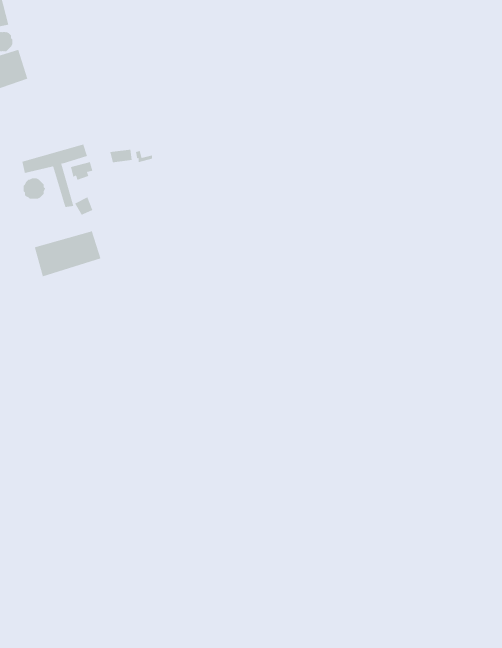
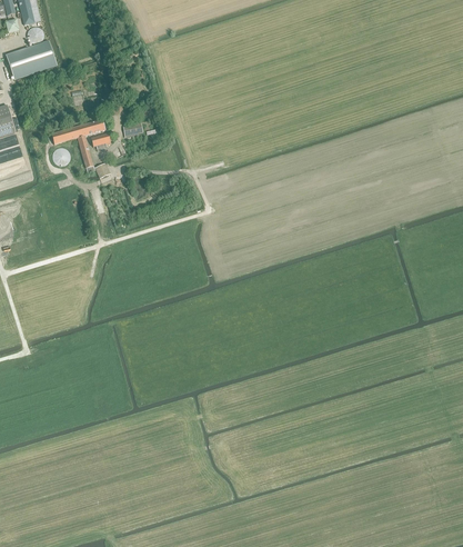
building: [34,230,101,277] -> none

